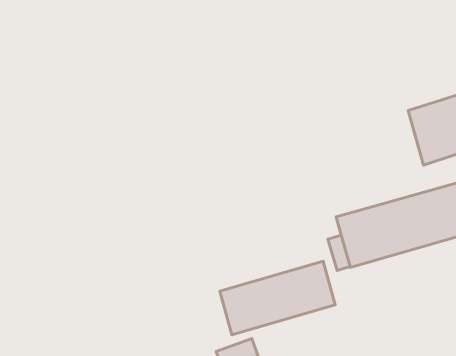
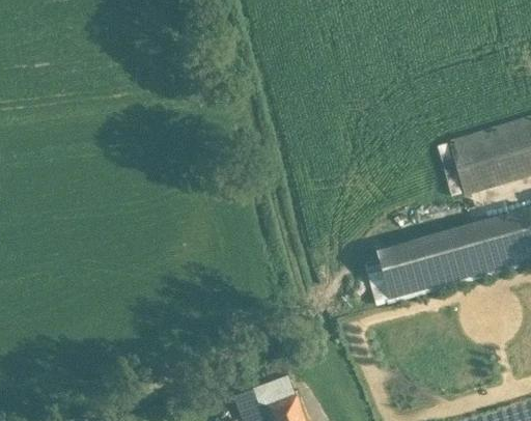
building: [220,261,335,335] -> none

